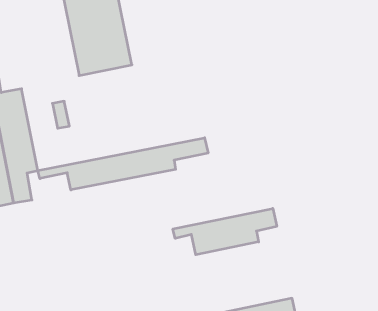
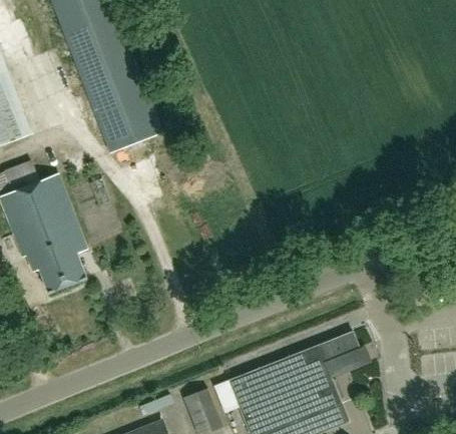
building: [38,138,208,190] -> none
building: [173,208,277,255] -> none

